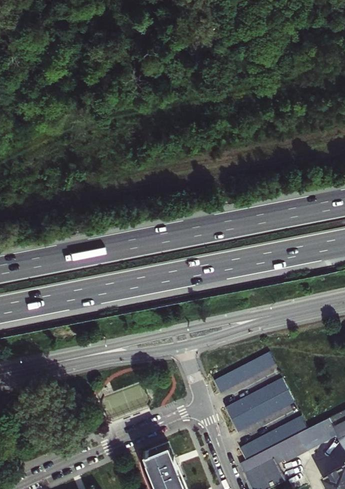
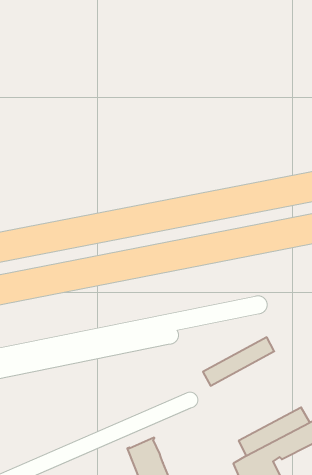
building: [224,376,298,434] -> none

